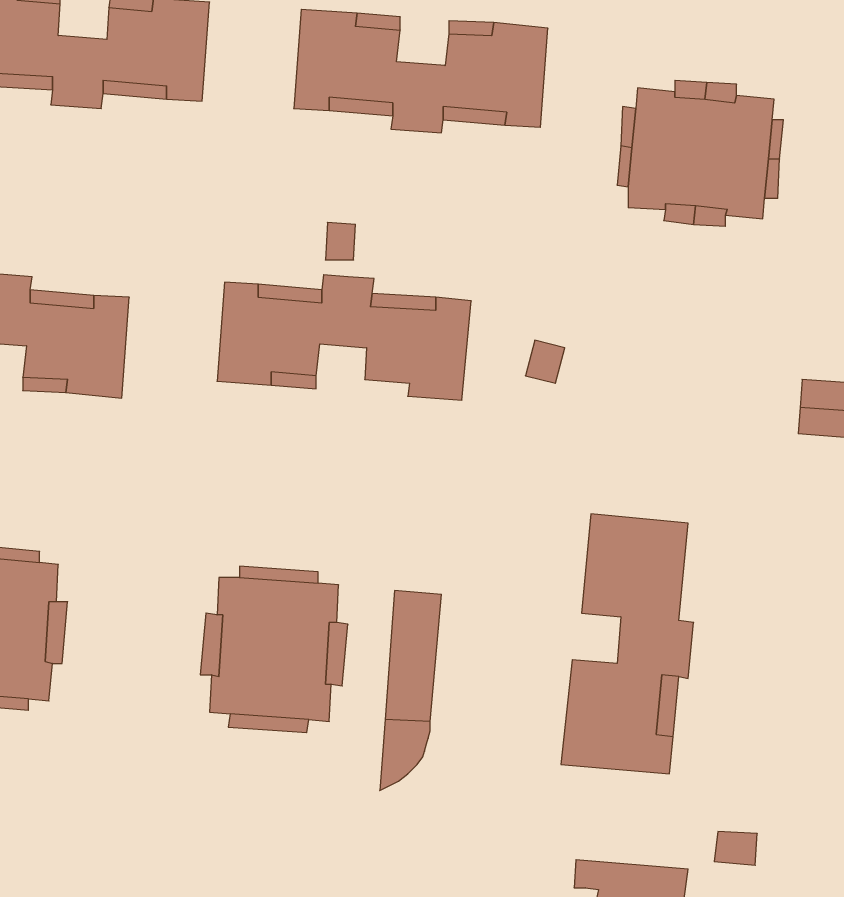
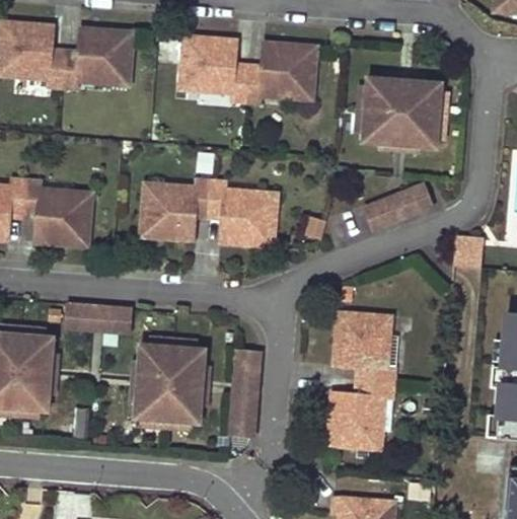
building: none -> [365,186,432,229]
building: none -> [66,304,130,332]

